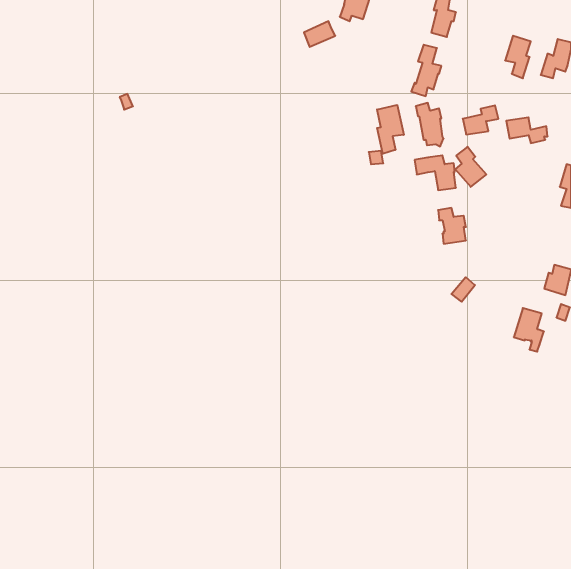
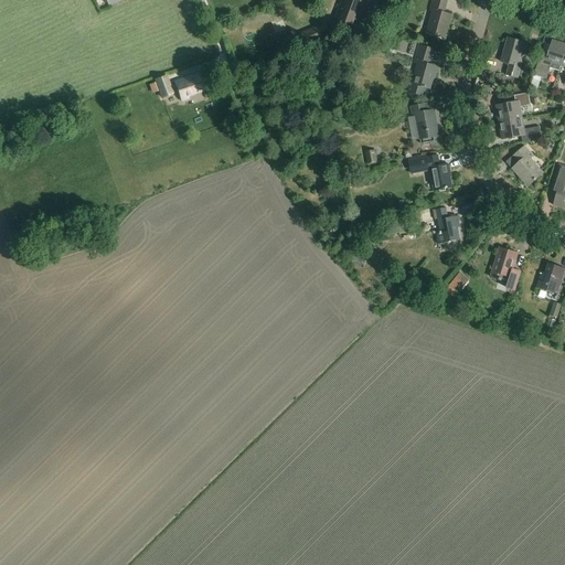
building: none -> [157,72,206,99]
building: [377,105,404,154] -> none
building: [463,105,498,134] -> [497,90,532,119]
building: [455,147,486,187] -> [512,143,543,183]
building: [514,308,544,352] -> [490,246,520,289]

